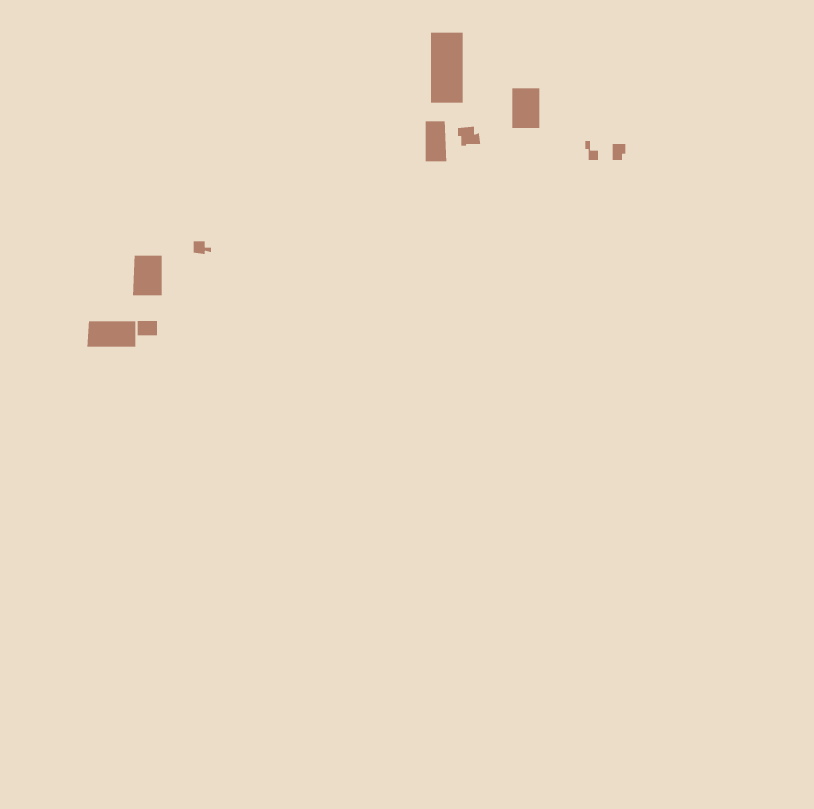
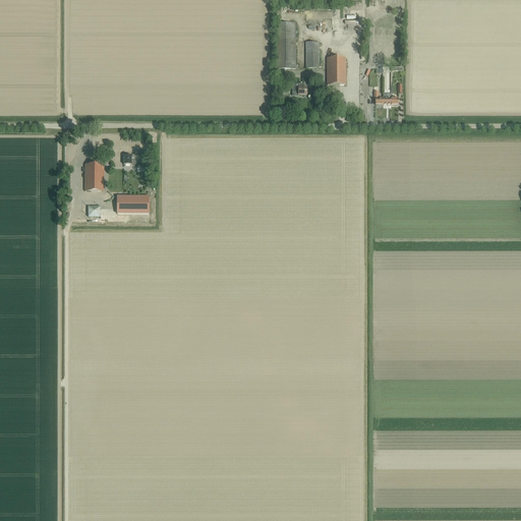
building: [425,121,447,162] -> [305,40,320,66]
building: [87,320,136,348] -> [117,194,149,212]

